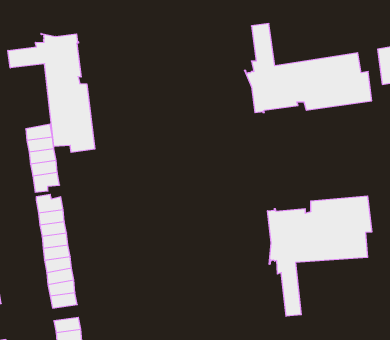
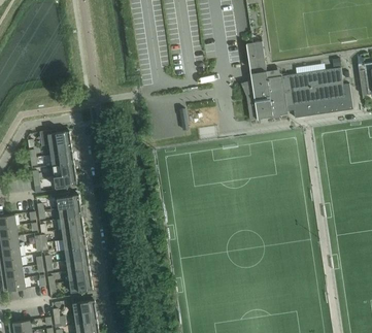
building: [8,33,95,152] -> none
building: [268,196,372,316] -> none

